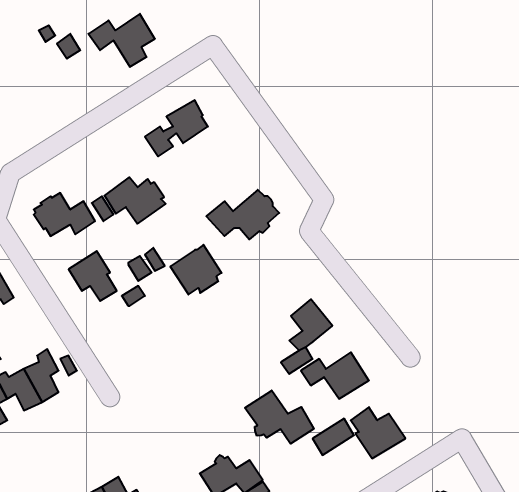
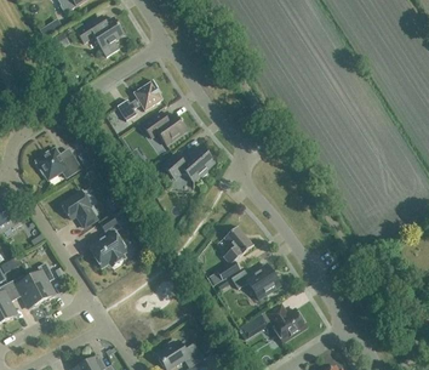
building: [104,177,166,224] -> [142,112,187,146]
building: [170,245,222,295] -> [88,230,126,267]
building: [245,390,314,444] -> none

